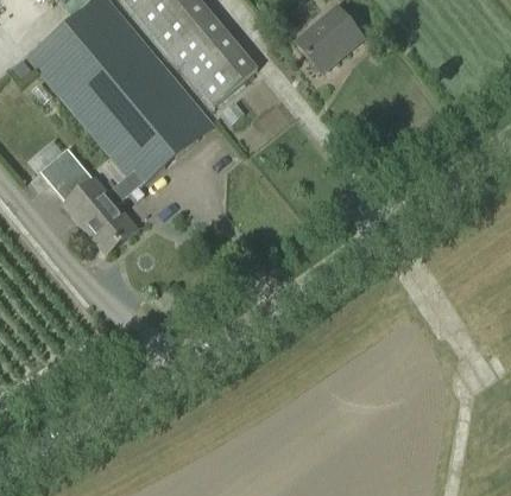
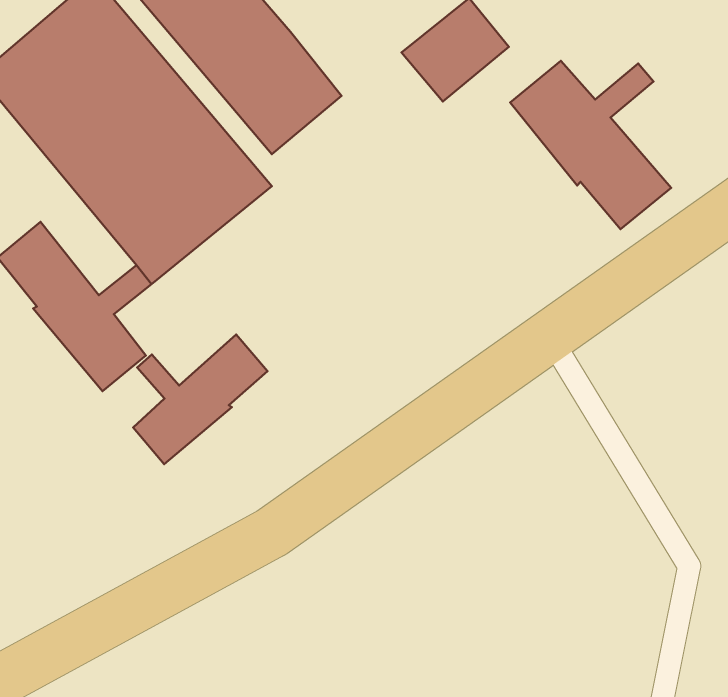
building: none -> [510,61,671,229]
building: none -> [133,335,268,464]

